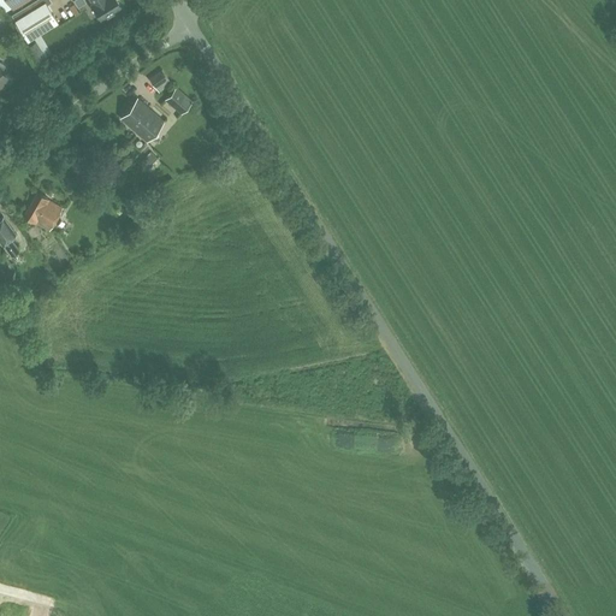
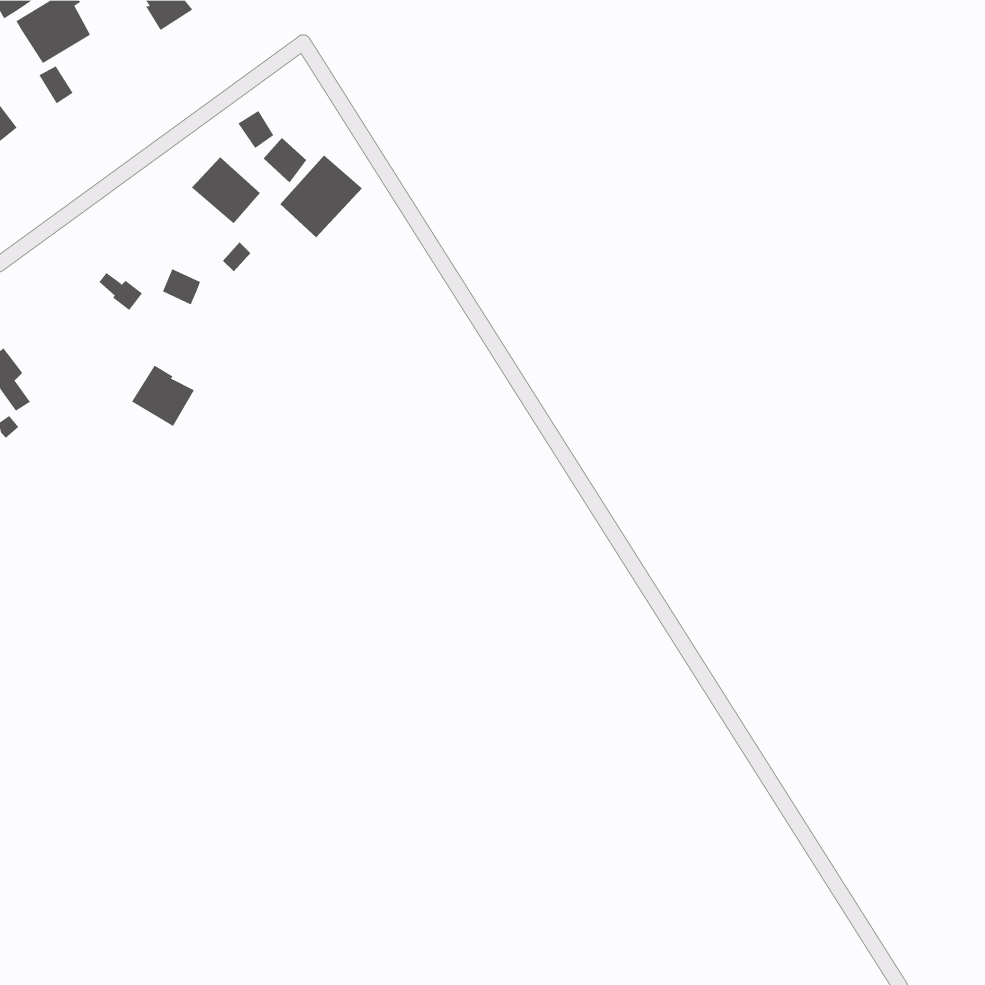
building: none -> [280,155,363,238]
building: [22,192,61,231] -> [131,365,195,427]

